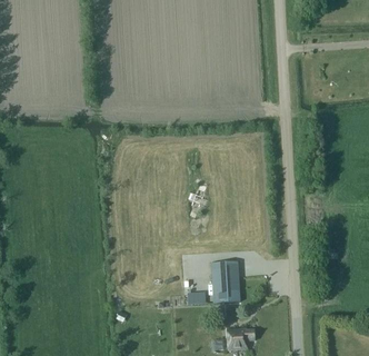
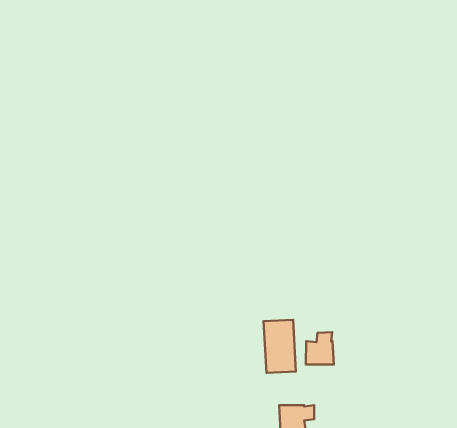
building: none -> [306,332,334,365]

